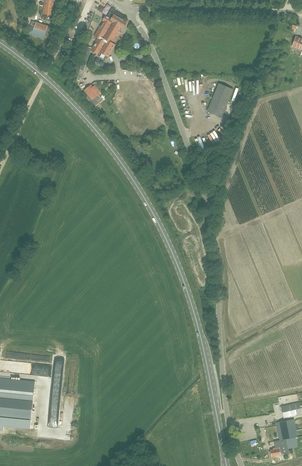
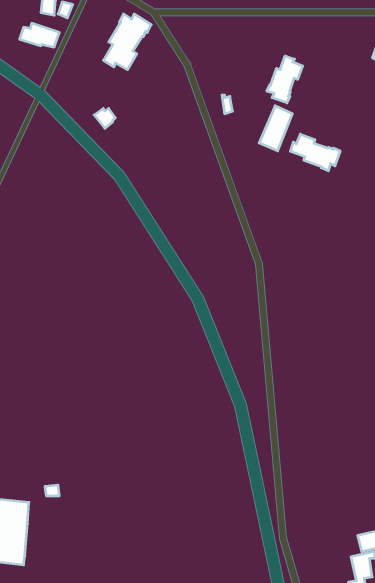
building: none -> [267,56,303,103]
building: none -> [290,134,340,171]

